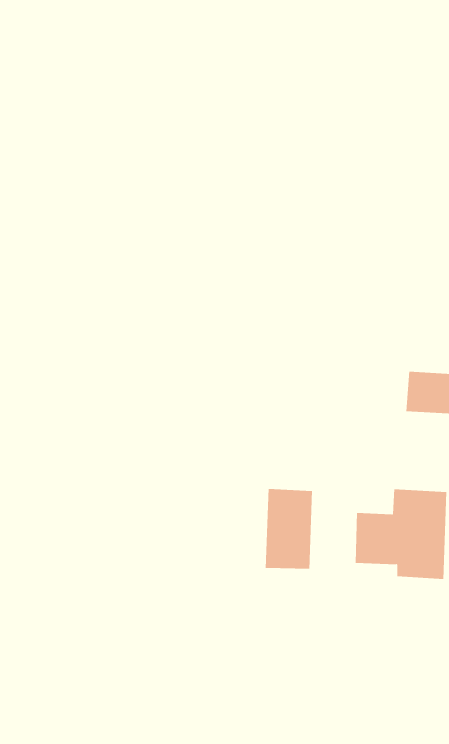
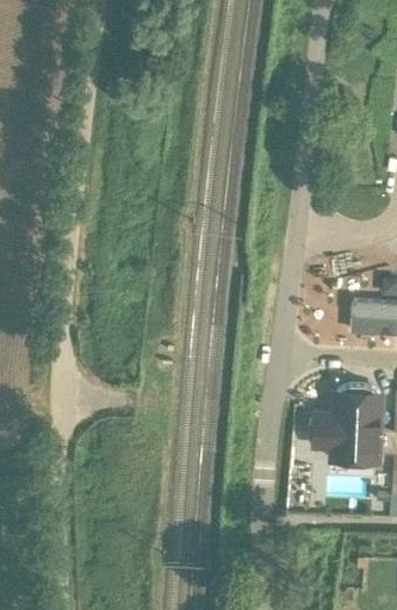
building: [265,488,312,569] -> none

